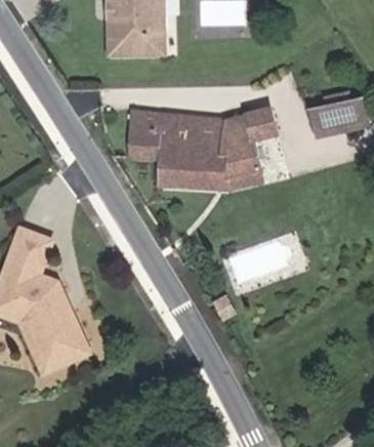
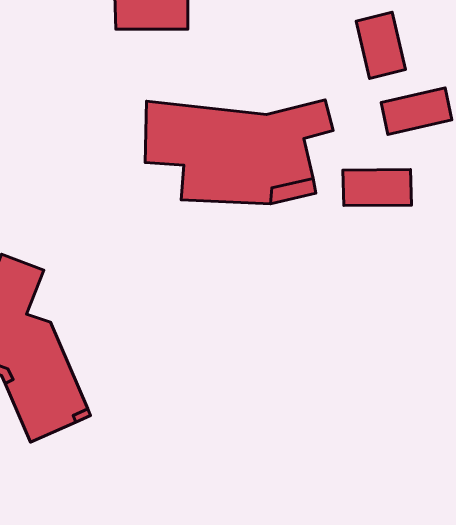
building: none -> [356,12,405,78]
building: none -> [343,170,412,206]

